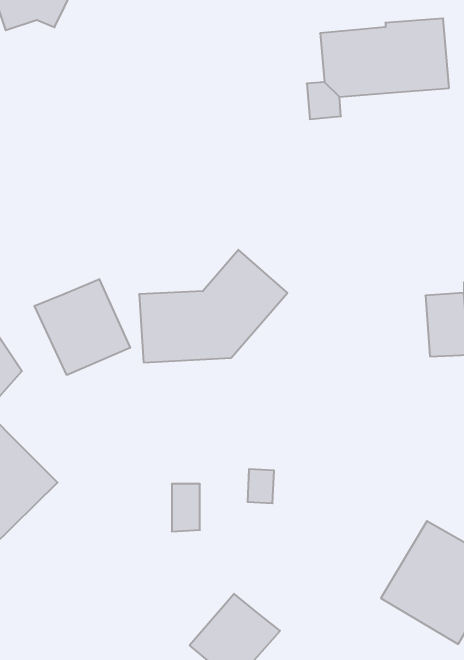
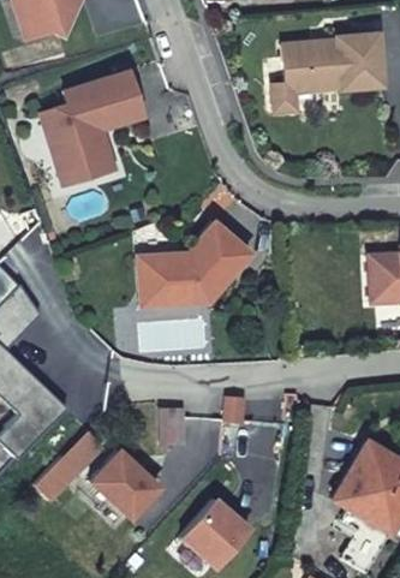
building: none -> [37,68,147,186]
building: [34,279,130,375] -> none
building: none -> [31,429,105,503]
building: none -> [86,445,160,517]

